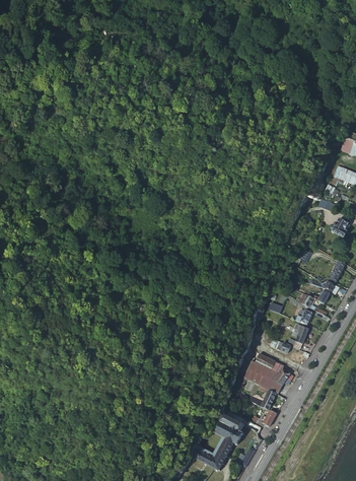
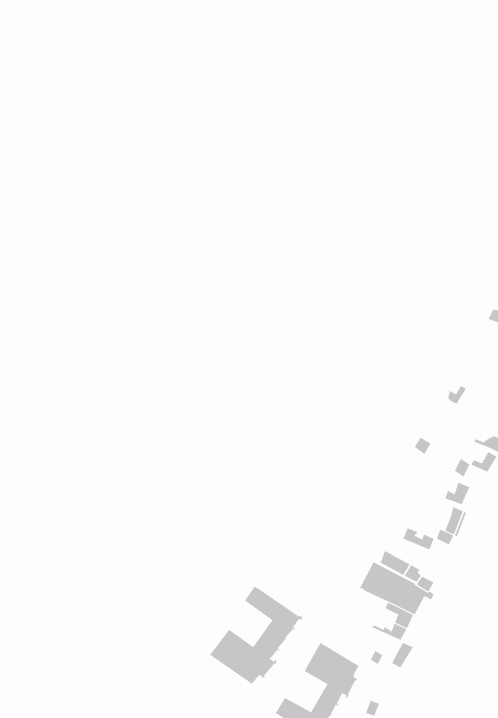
building: none -> [209,586,303,686]

